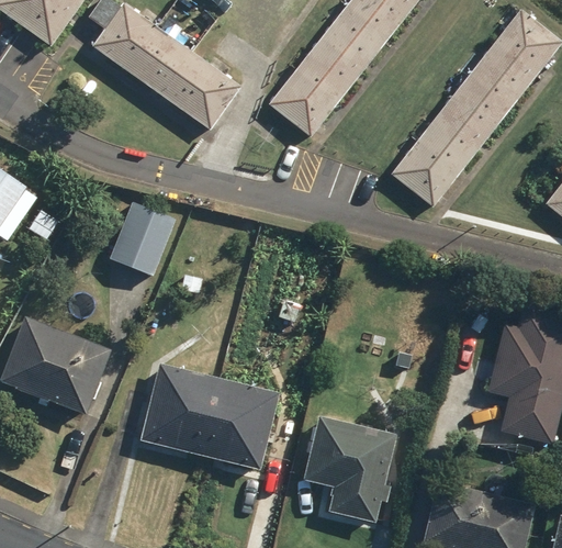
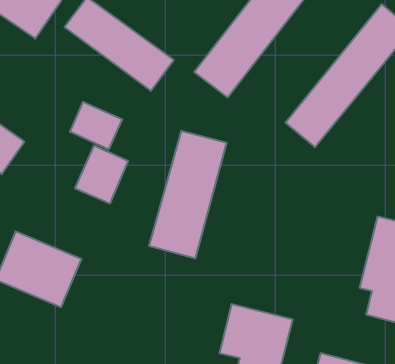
building: none -> [70,102,122,150]
building: none -> [149,131,227,259]
building: [139,362,281,471] -> none

